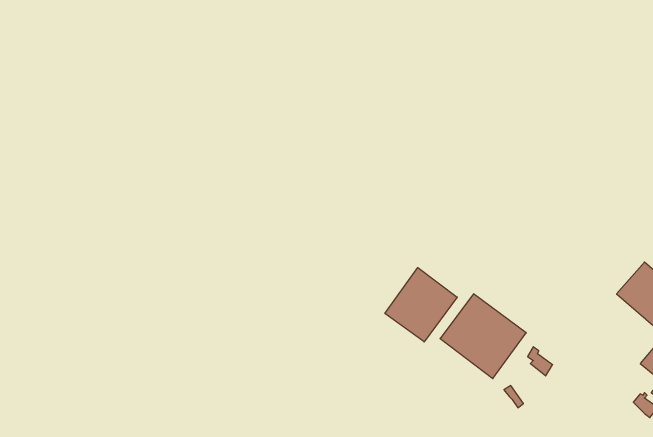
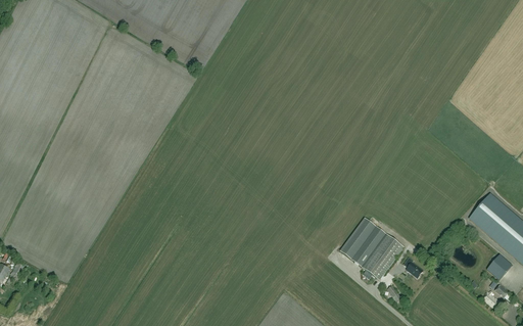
building: [385,268,457,342] -> none

